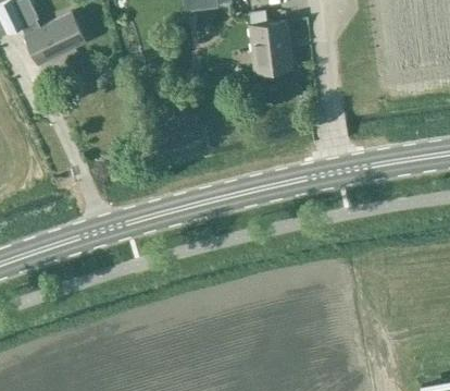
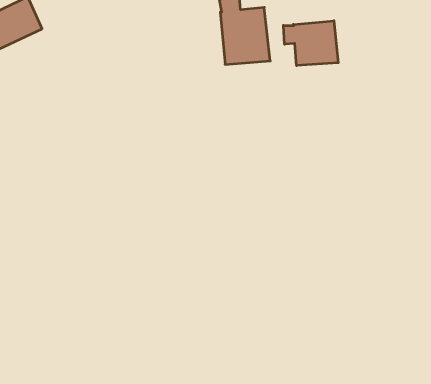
building: none -> [283,21,338,66]

